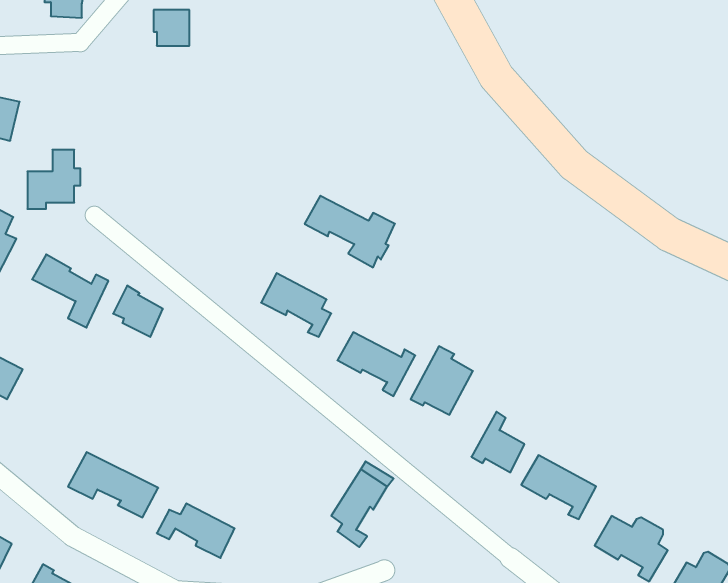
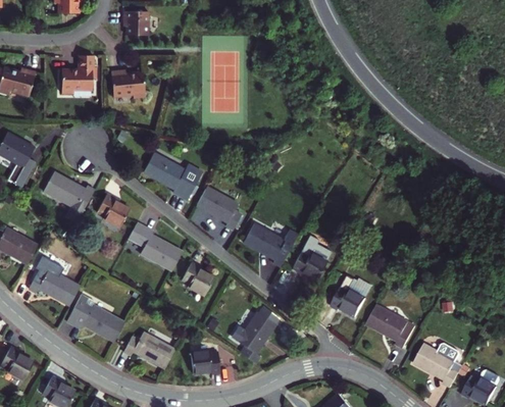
building: none -> [112,69,146,99]
building: [27,150,80,209] -> [63,56,98,95]
building: [305,196,395,267] -> [139,150,198,197]
building: none -> [130,222,185,270]
building: none -> [184,261,216,294]
building: none -> [30,267,81,307]
building: none -> [192,351,221,374]

